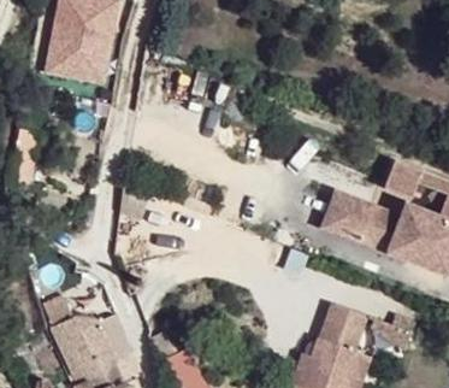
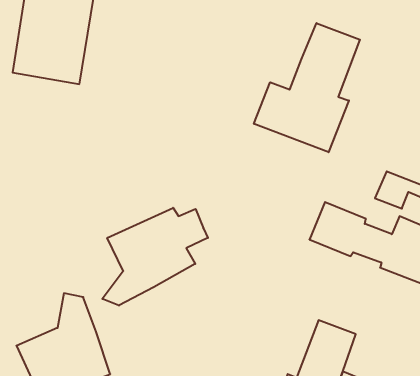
building: none -> [254,23,360,152]
building: none -> [102,208,208,306]

